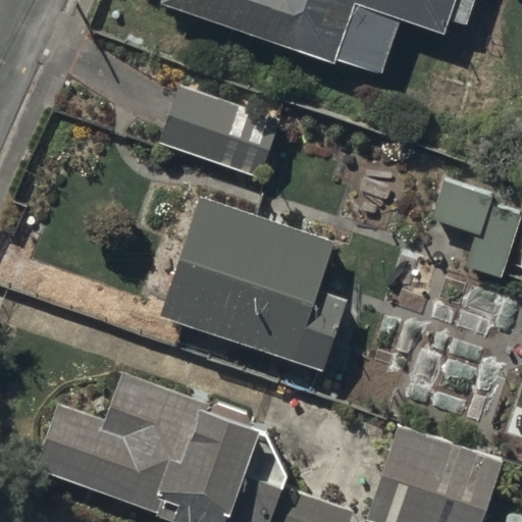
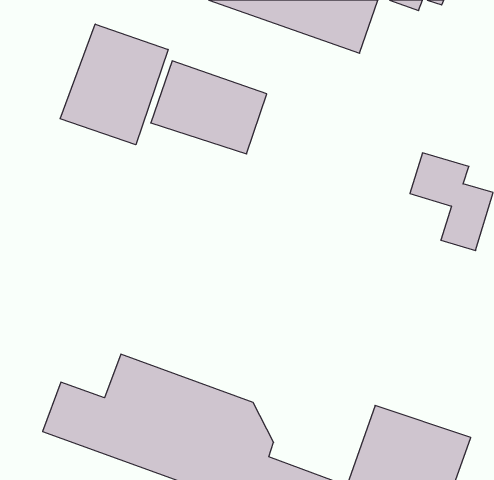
building: none -> [60,24,168,145]
building: [158,192,347,368] -> none

